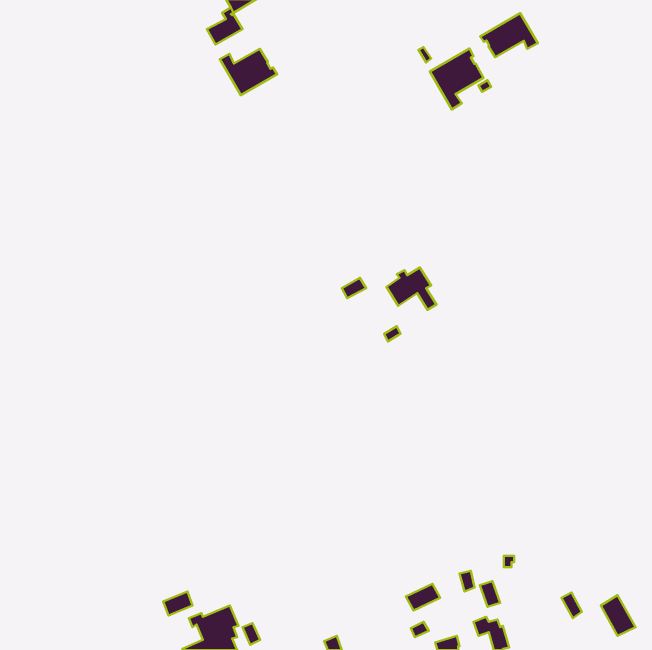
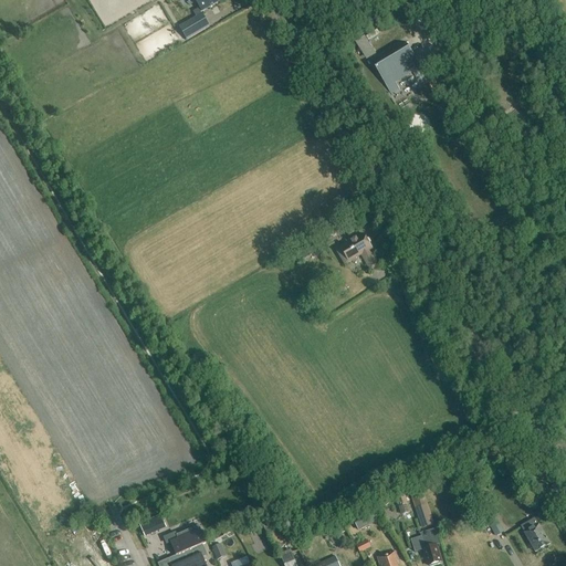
building: [480,13,538,57] -> none
building: [220,49,277,95] -> none

